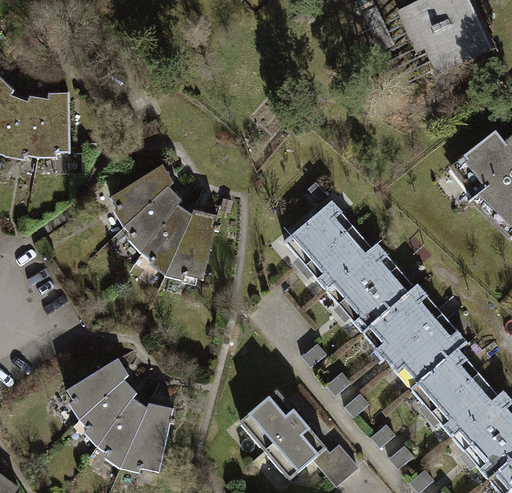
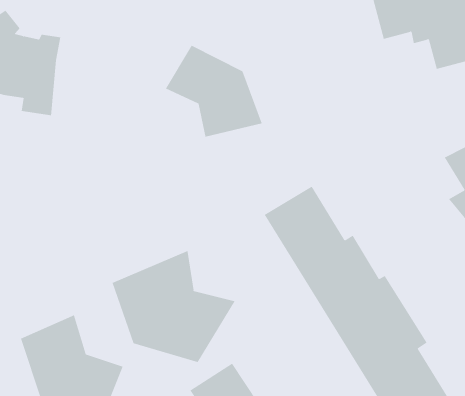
building: none -> [165,45,262,138]
building: [102,165,219,287] -> none
building: none -> [112,250,236,363]

